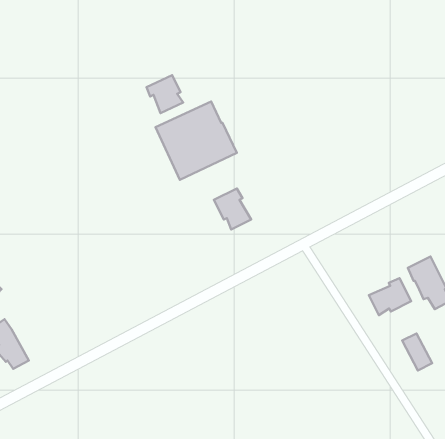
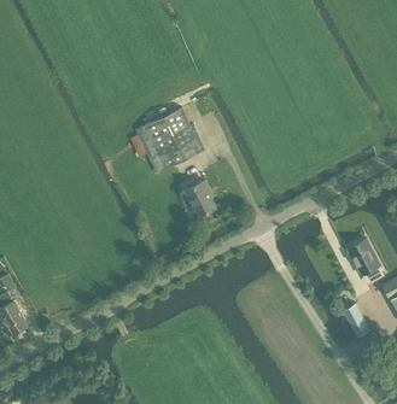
building: [147,75,183,113] -> none
building: [369,278,411,315] -> none

